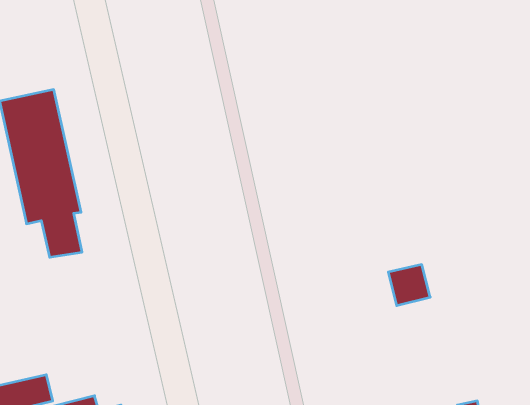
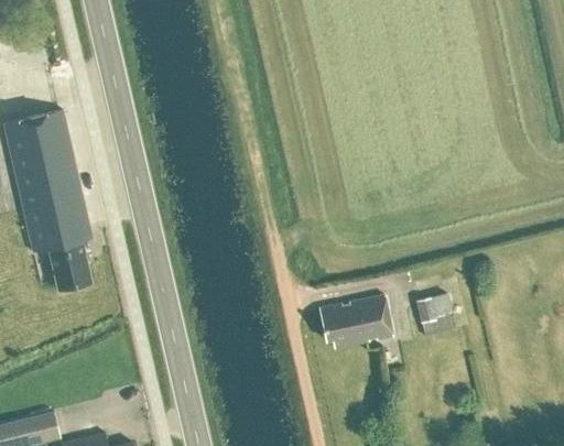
building: none -> [319,295,392,348]

